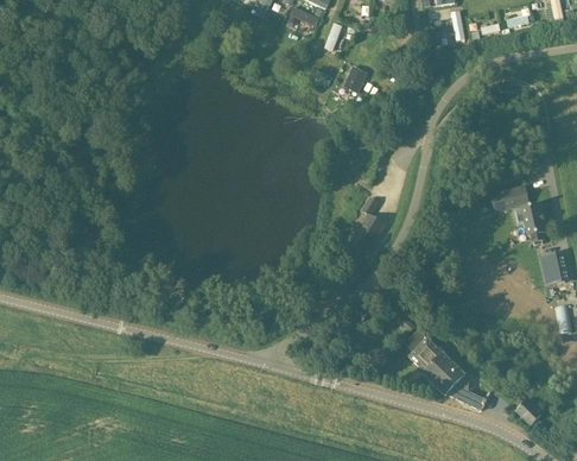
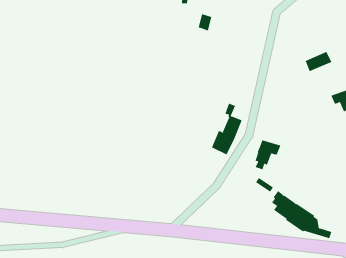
building: [490,185,528,210] -> [305,51,332,72]
building: none -> [255,139,281,170]

